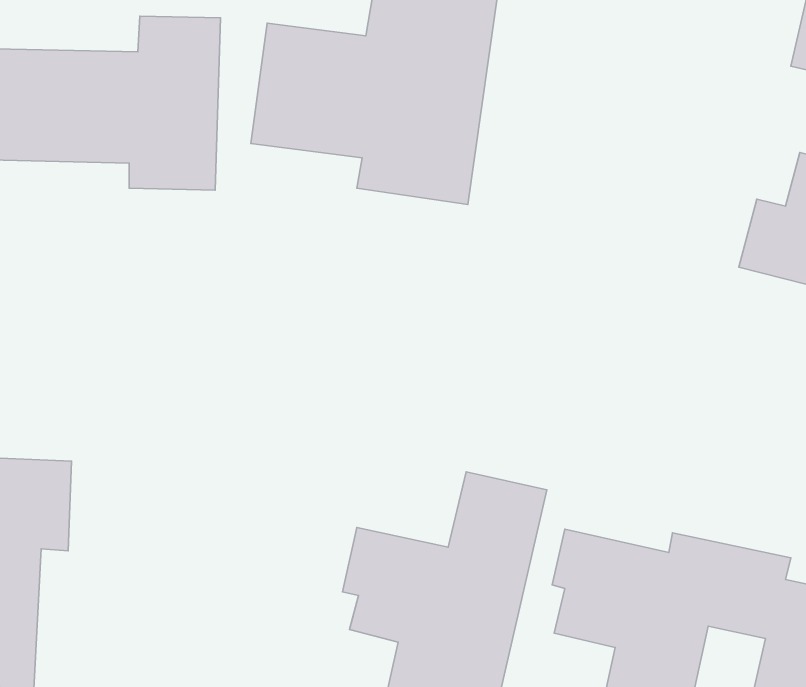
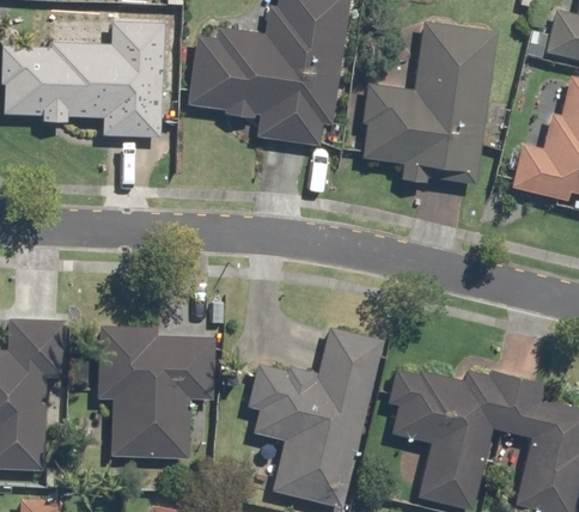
building: none -> [356,20,498,189]
building: none -> [97,324,213,457]

